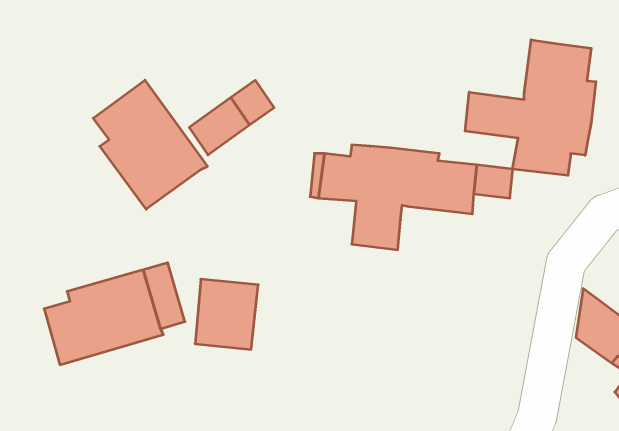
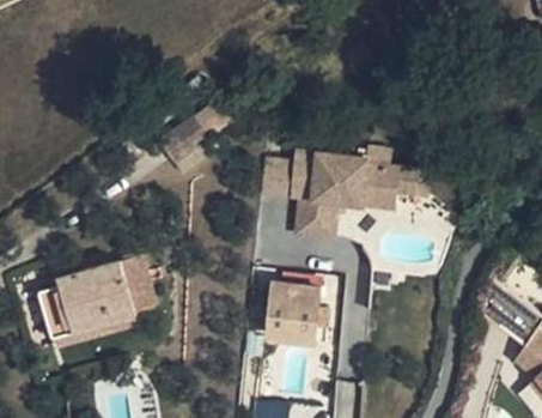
building: [465,40,596,175] -> none
building: [93,80,207,209] -> none
building: [195,279,258,349] -> [270,283,323,341]

